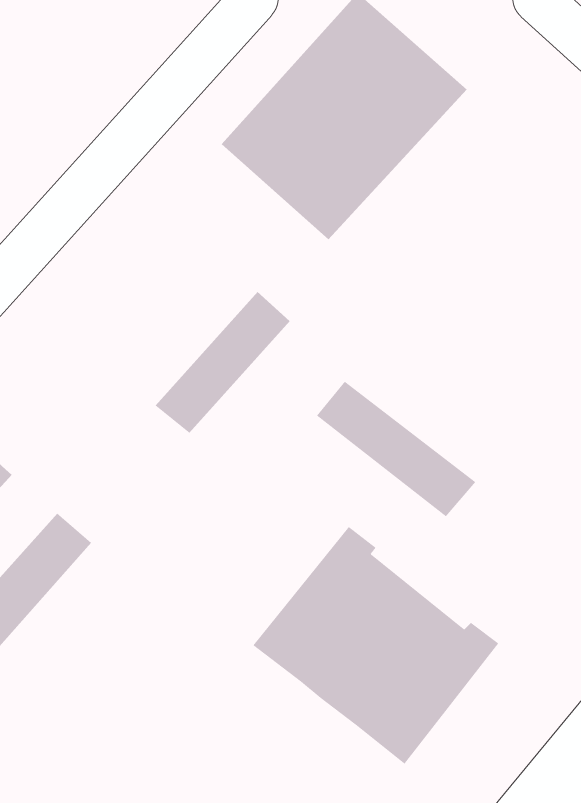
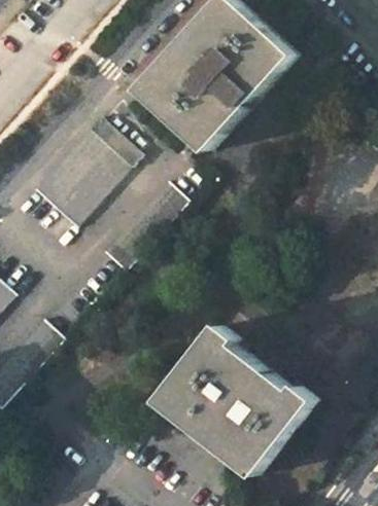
building: none -> [29,118,137,228]
building: [316,381,476,517] -> none

